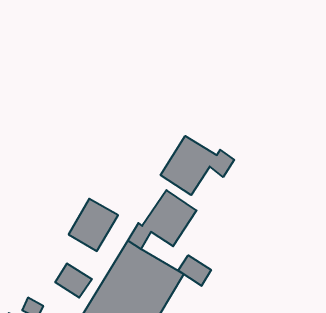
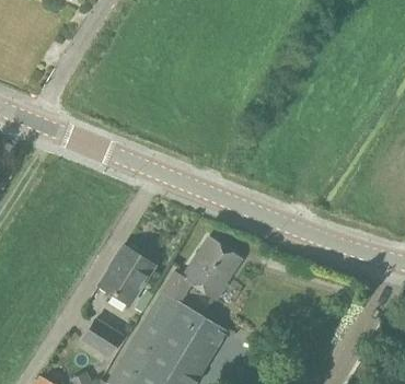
building: [161,136,234,195] -> none
building: [178,255,211,286] -> none

